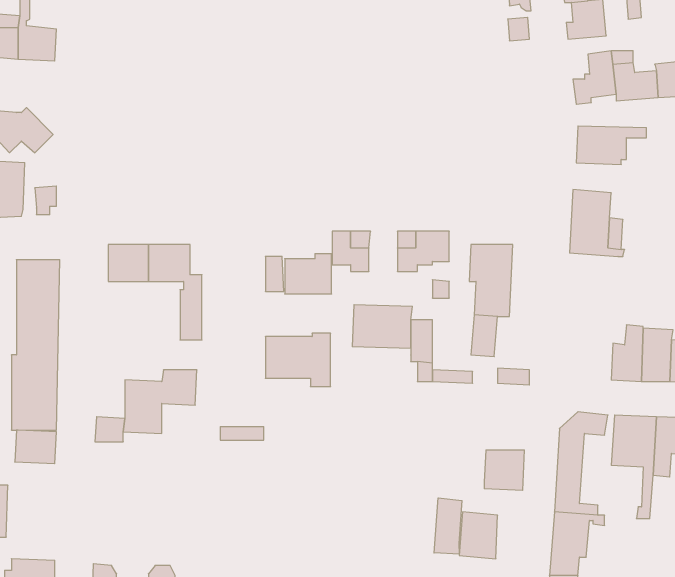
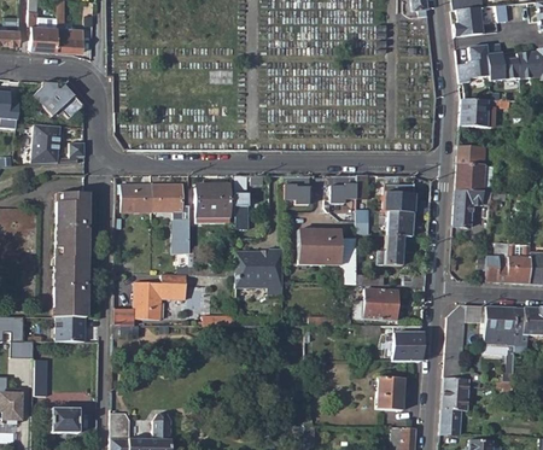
building: none -> [453,189,490,227]
building: [285,254,332,294] -> [195,183,229,212]
building: none -> [364,288,396,320]
building: [434,498,462,554] -> none

